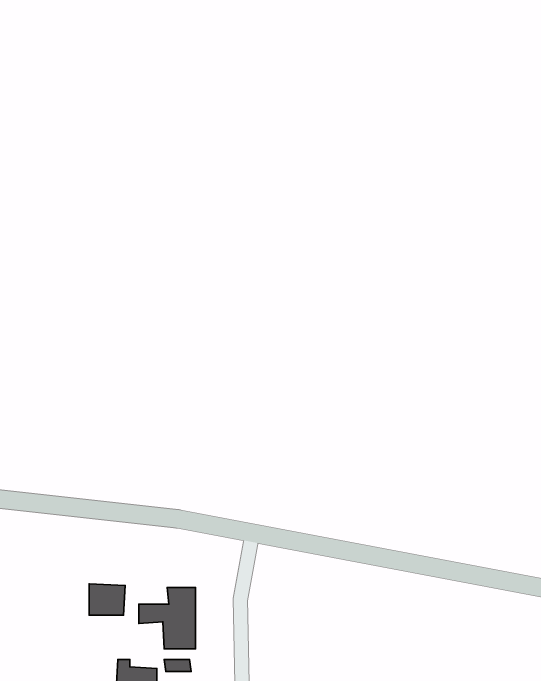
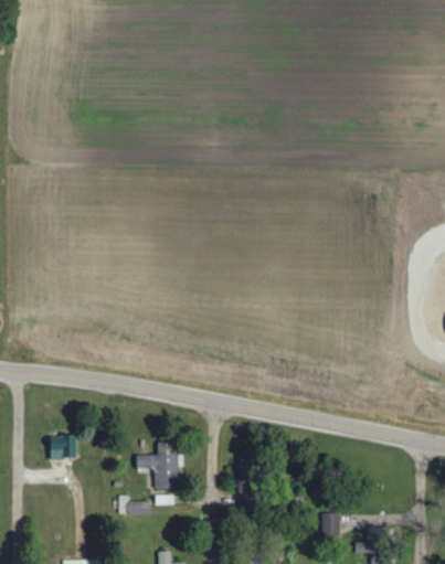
building: [89,584,125,615] -> [49,435,75,458]

